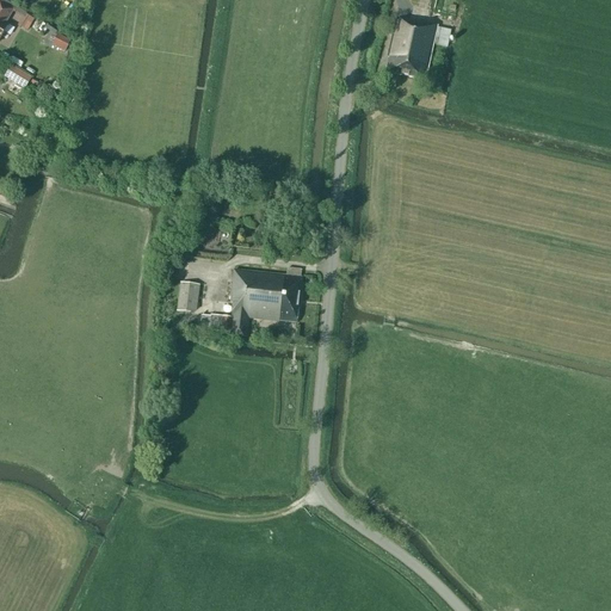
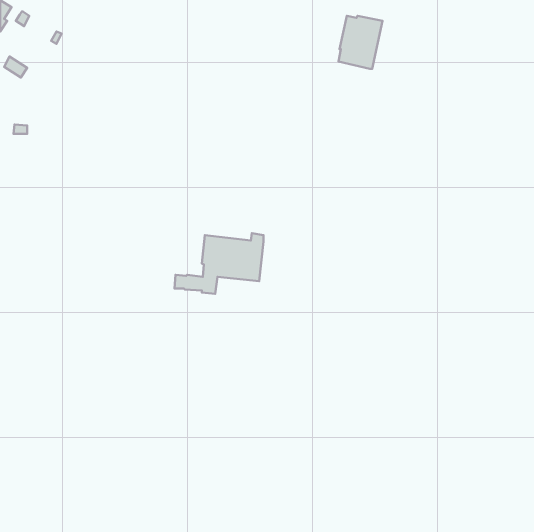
building: [177,282,199,311] -> none

